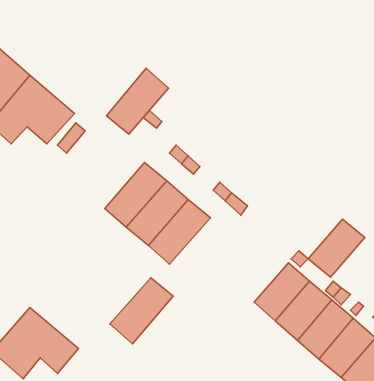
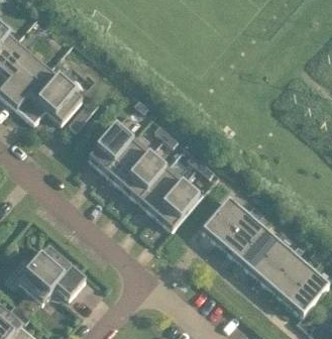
building: [106,68,169,134] -> [88,122,135,173]
building: [308,219,365,277] -> [202,200,245,244]
building: [110,278,173,344] -> [154,180,203,230]

